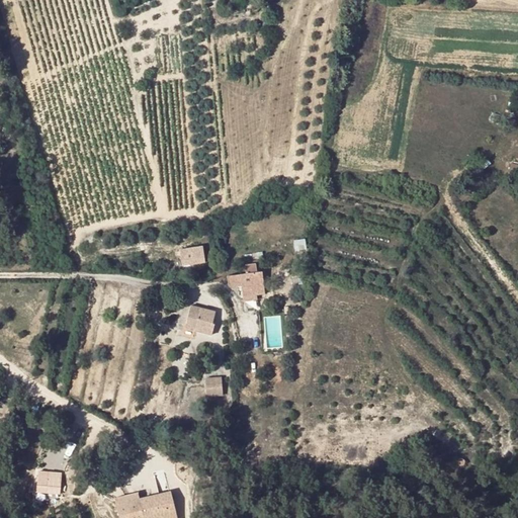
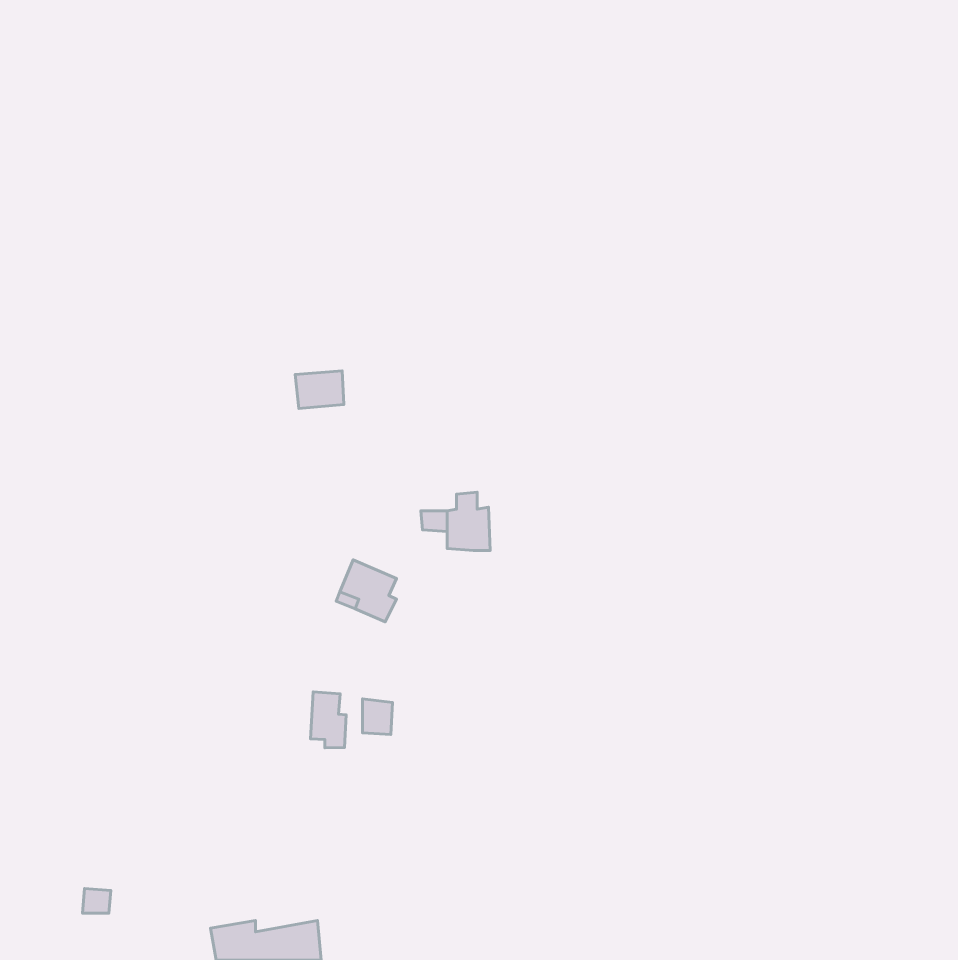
building: [177,244,203,264] -> [295,371,344,408]
building: none -> [310,692,346,748]

